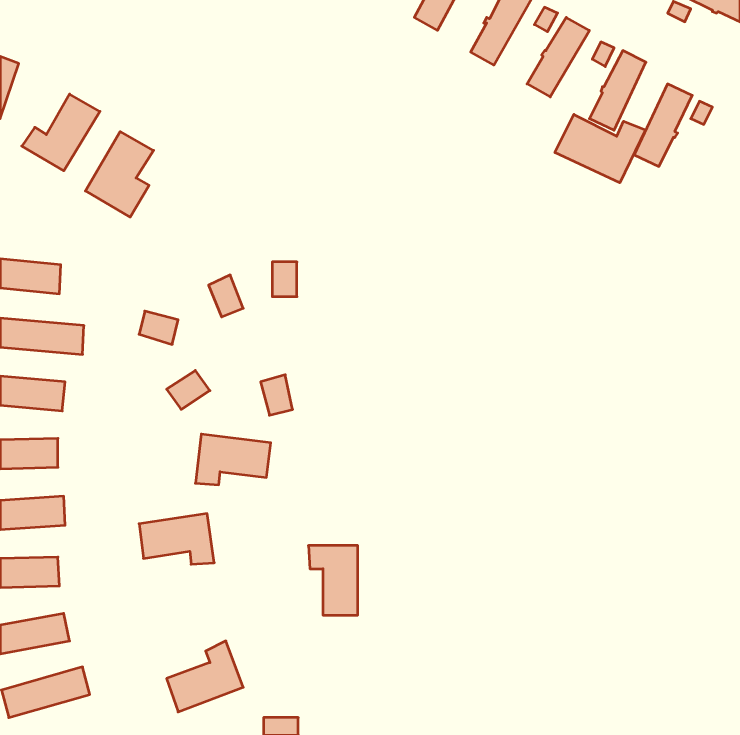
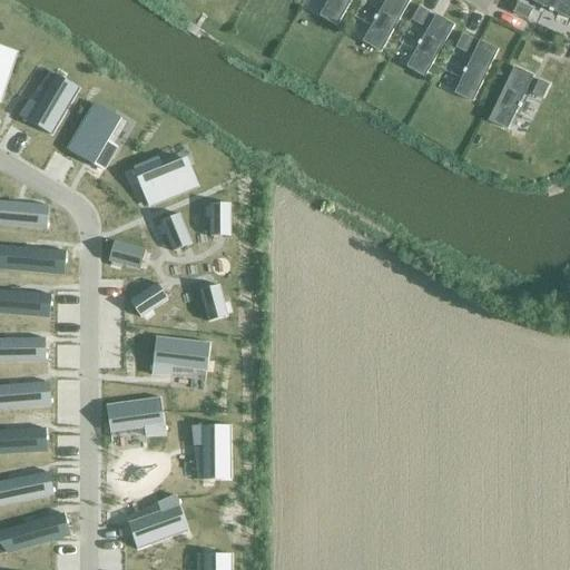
building: [555,114,646,183] -> none
building: none -> [130,155,195,204]
building: [308,546,358,615] -> [190,423,228,476]

